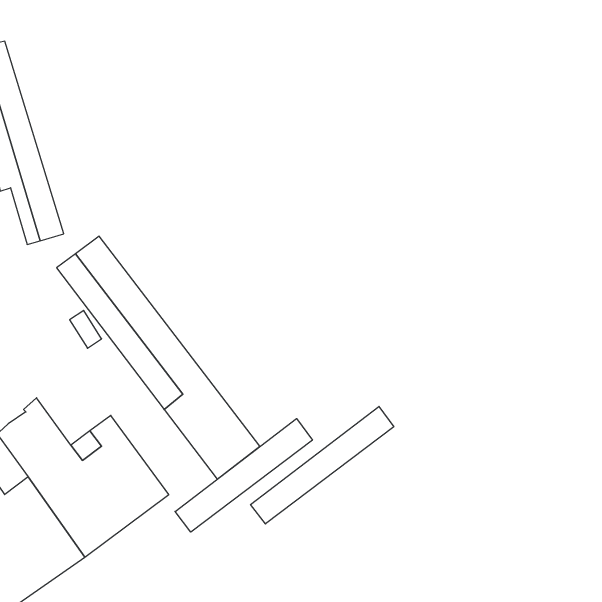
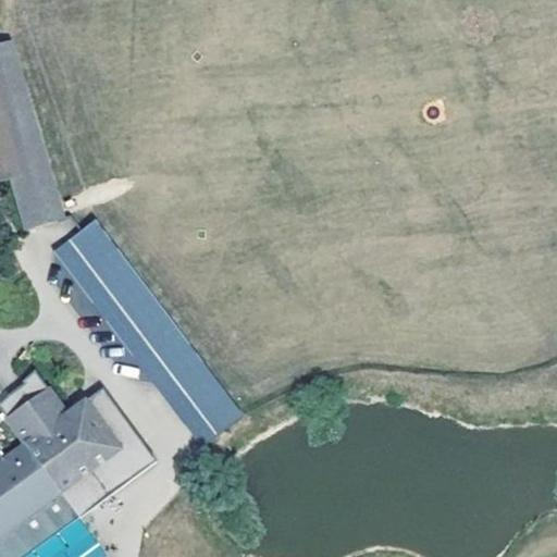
building: [251,406,394,524] -> none
building: [175,419,312,532] -> none

